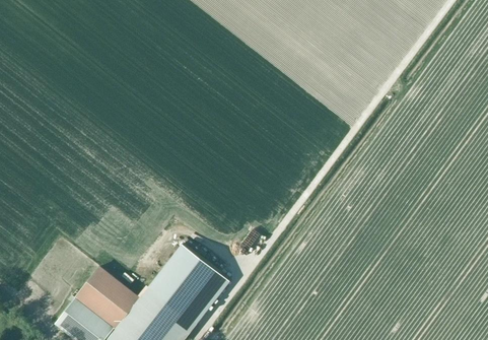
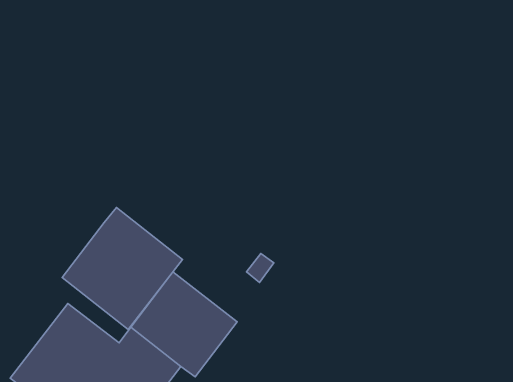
building: none -> [62,207,183,330]

